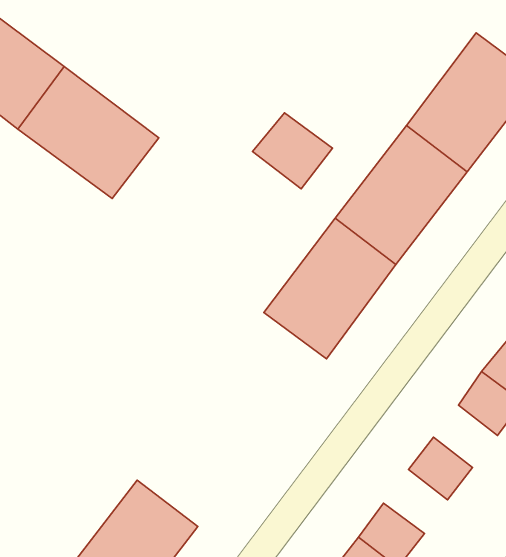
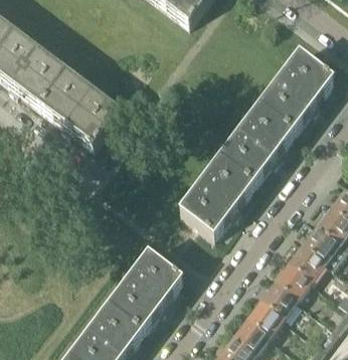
building: [252,113,332,189] -> none
building: none -> [108,252,182,332]
building: none -> [275,263,311,299]
building: none -> [246,300,283,336]

